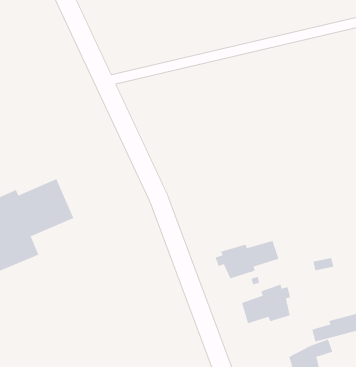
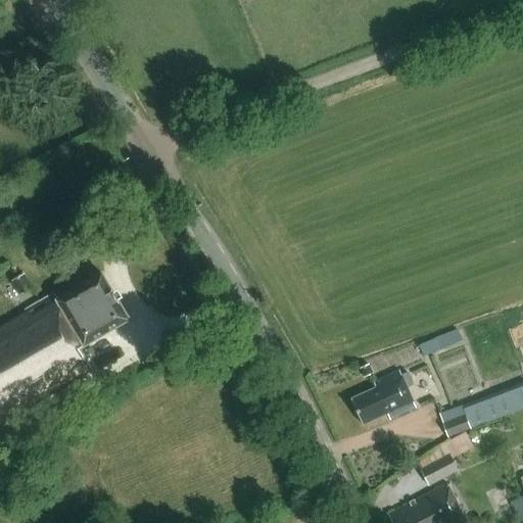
building: [215,240,279,279] -> none

